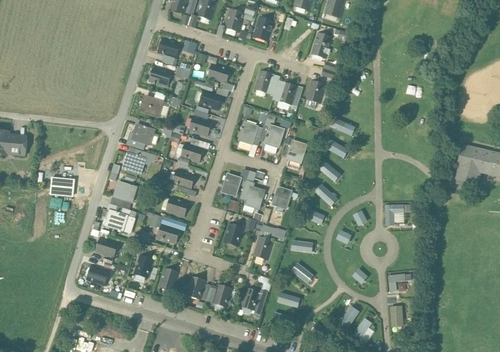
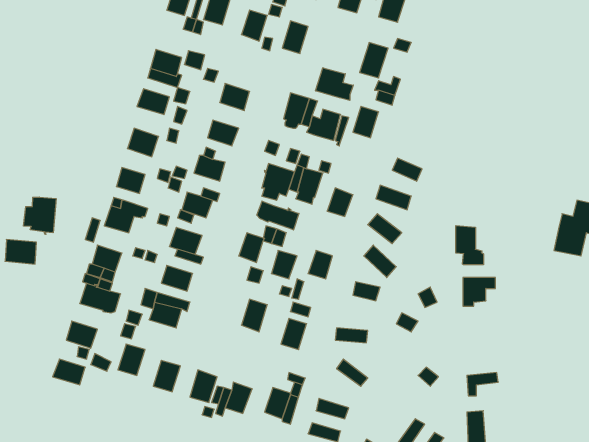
building: none -> [316,68,353,100]
building: none -> [24,197,56,234]
building: none -> [257,201,299,230]
building: none -> [456,226,483,265]

